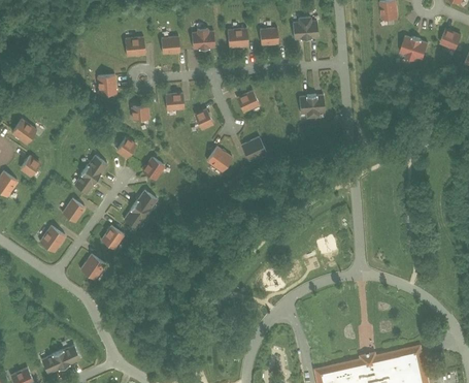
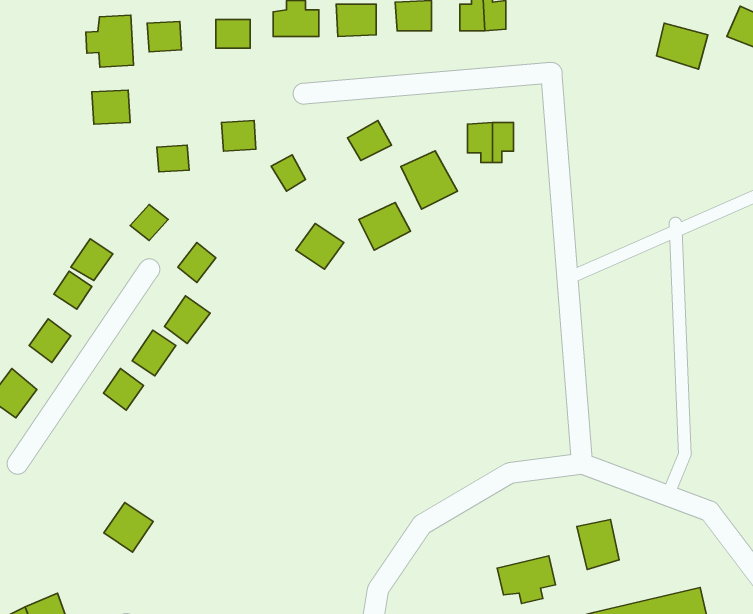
building: none -> [86,15,134,67]
building: none -> [401,151,457,209]
building: [78,254,105,281] -> [104,502,153,552]
building: none -> [577,520,619,570]
building: none -> [497,556,555,604]

